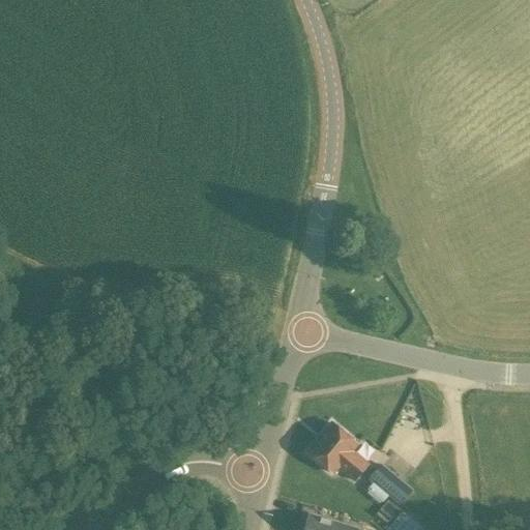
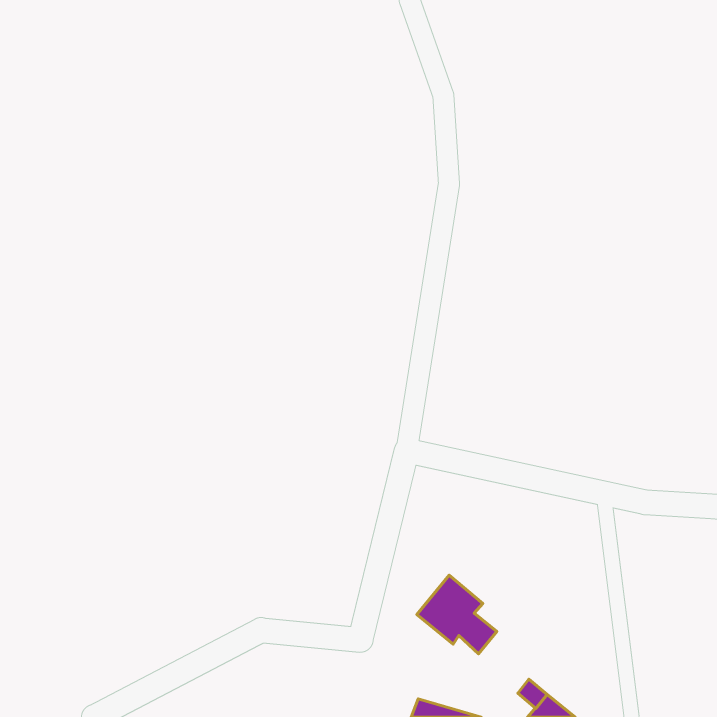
building: [370,465,413,506] -> none

